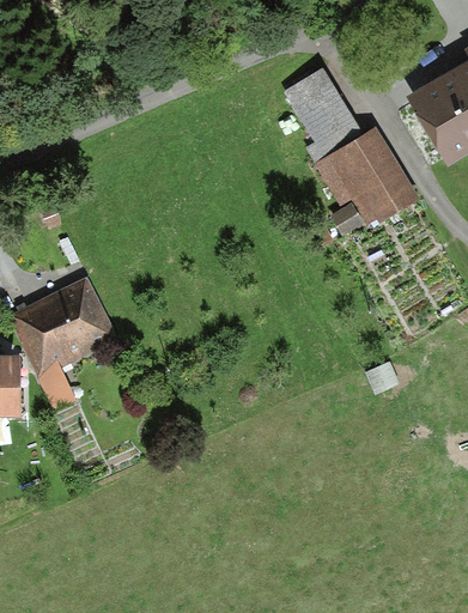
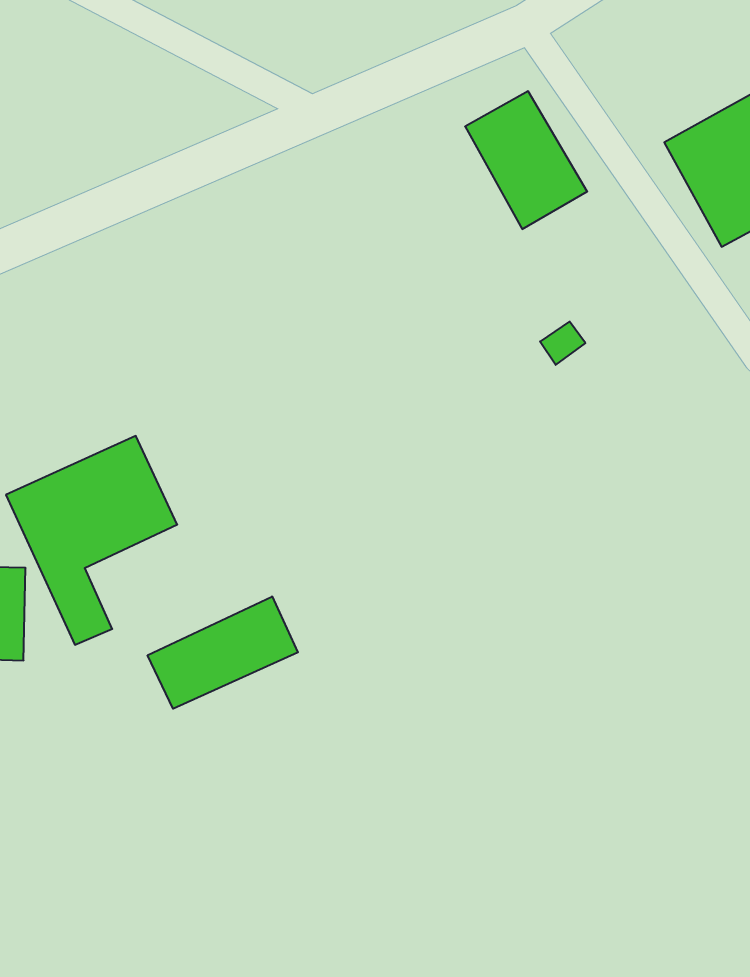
building: [321,133,408,218] -> none
building: none -> [148,596,298,709]

